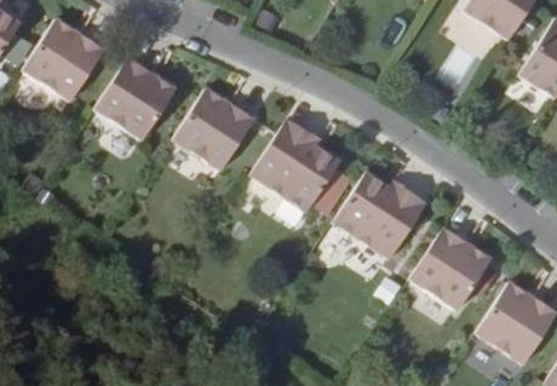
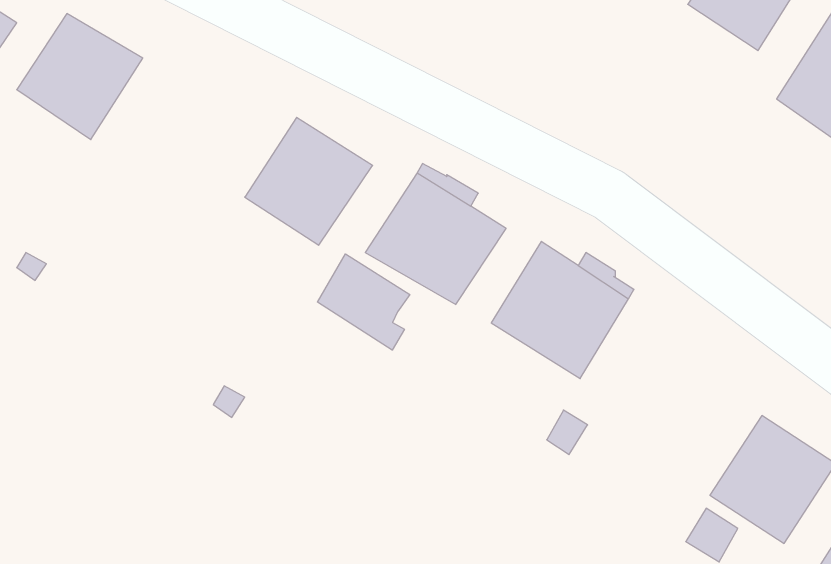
building: [94,56,177,139] -> none
building: none -> [317,254,410,350]
building: [409,226,492,310] -> none

